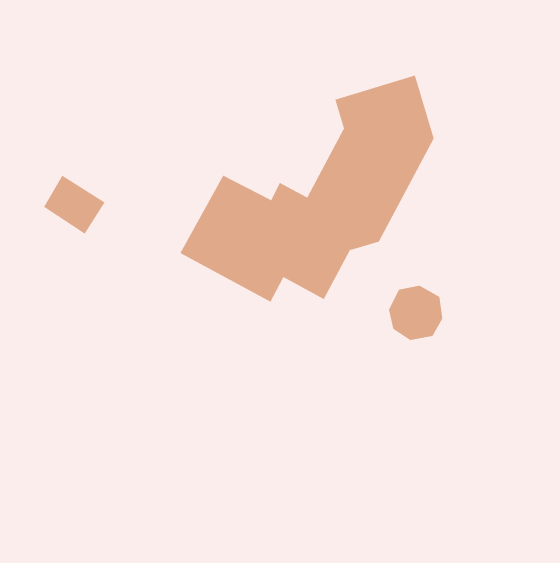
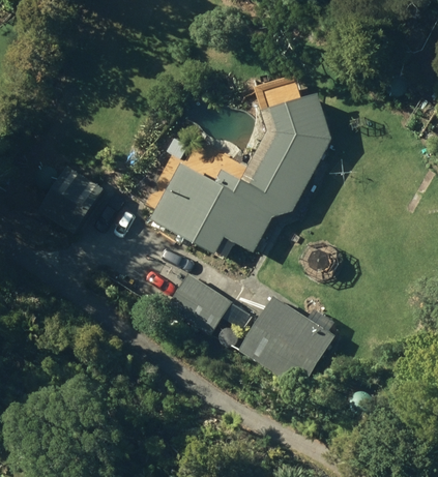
building: none -> [170,275,231,335]
building: none -> [241,296,333,385]

